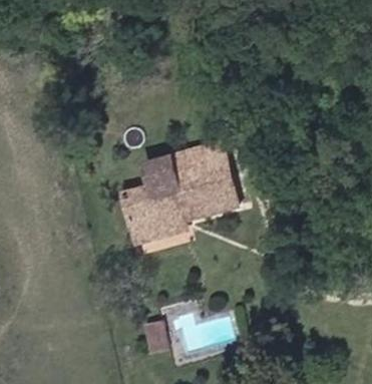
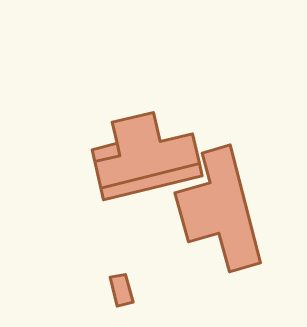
building: [189,140,230,179] -> none
building: none -> [175,145,261,272]

